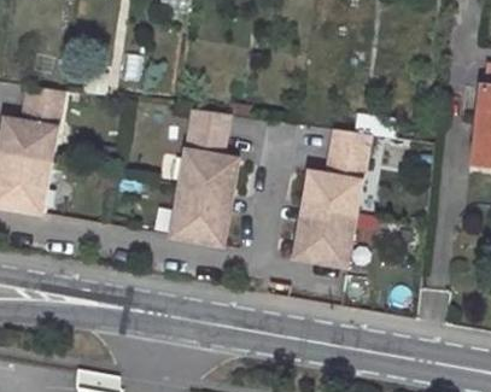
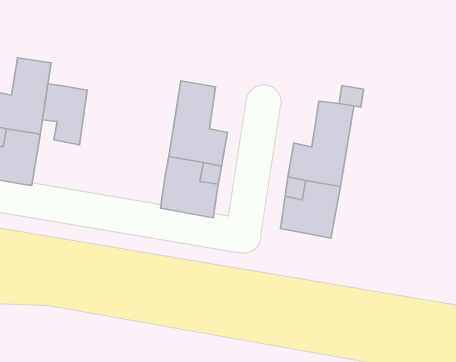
building: none -> [42,84,87,145]

